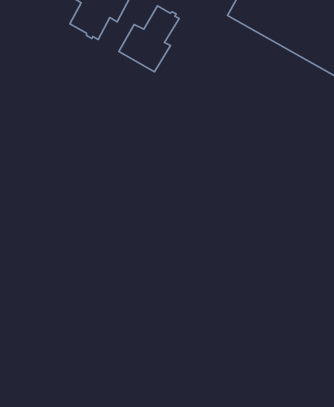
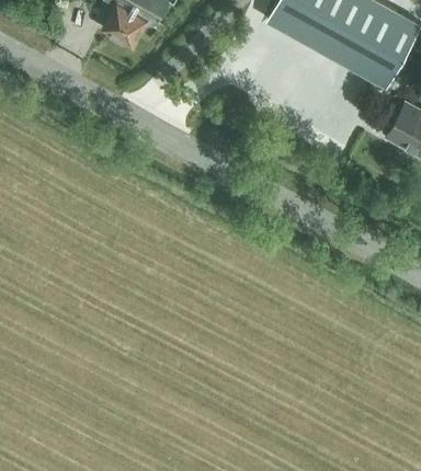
building: [119,6,179,72] -> none

